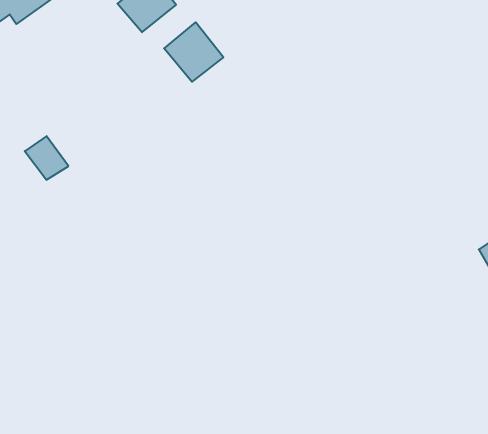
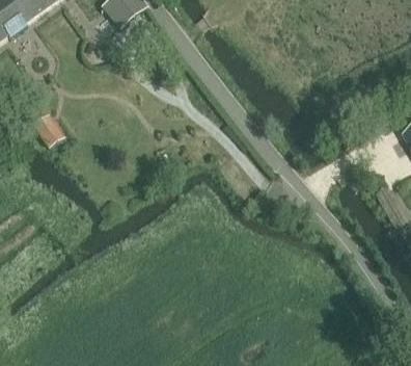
building: [164,22,223,82] -> none

